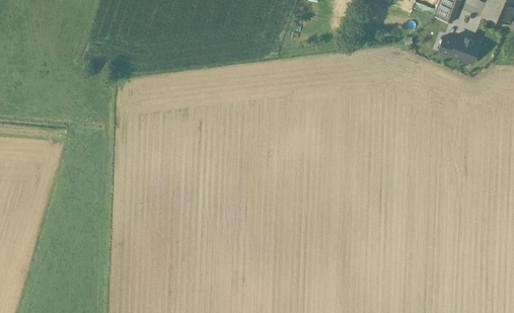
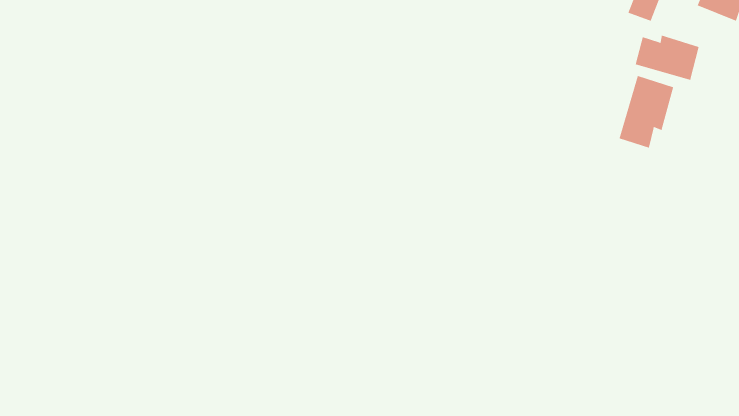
building: none -> [619,75,674,148]

